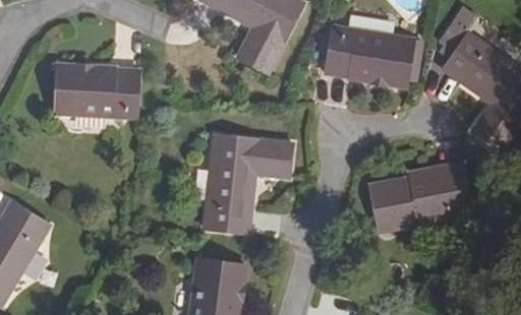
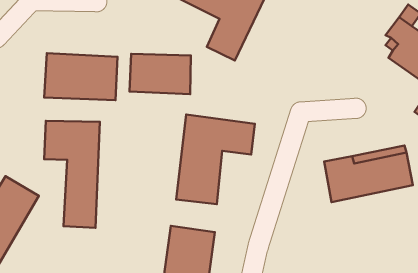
building: [324,26,413,87] -> none
building: none -> [130,54,191,94]
building: none -> [44,121,100,228]

